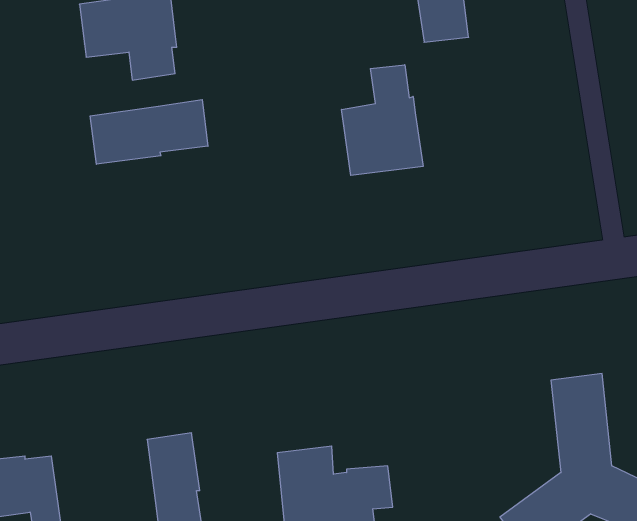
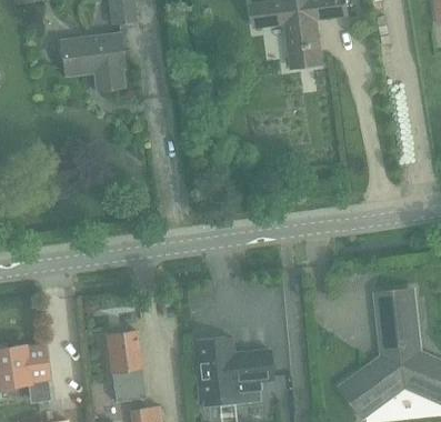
building: [342,65,423,175] -> none
building: [90,100,208,164] -> none

